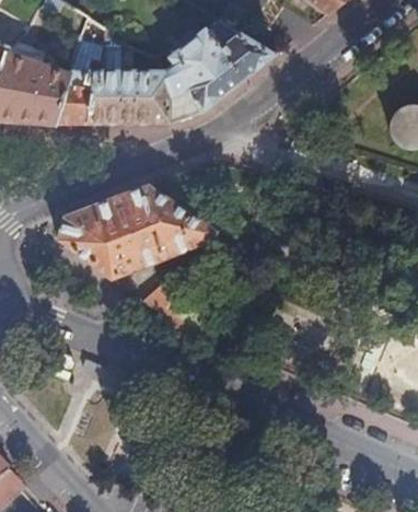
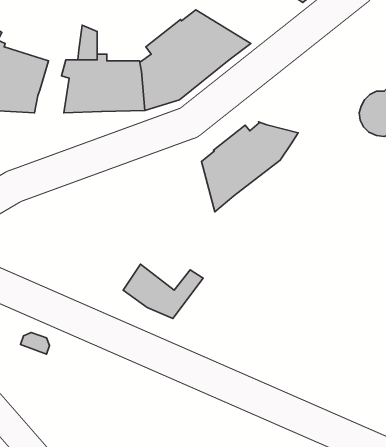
building: [55,61,90,125] -> none
building: none -> [202,122,298,212]
building: [57,185,214,284] -> none

